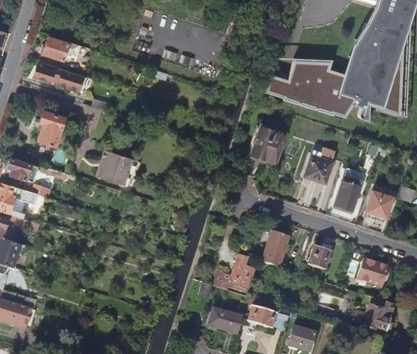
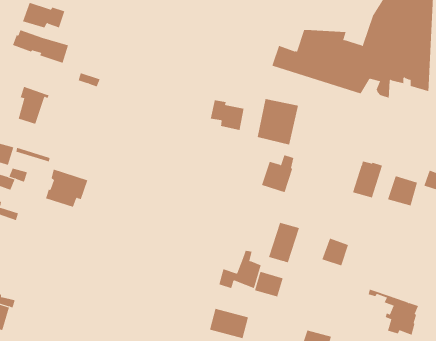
building: none -> [210,99,244,131]
building: [97,150,135,184] -> [45,169,88,208]
building: [304,150,333,184] -> [261,154,294,193]
building: [357,258,388,289] -> none
building: [249,305,275,328] -> [254,271,284,297]

